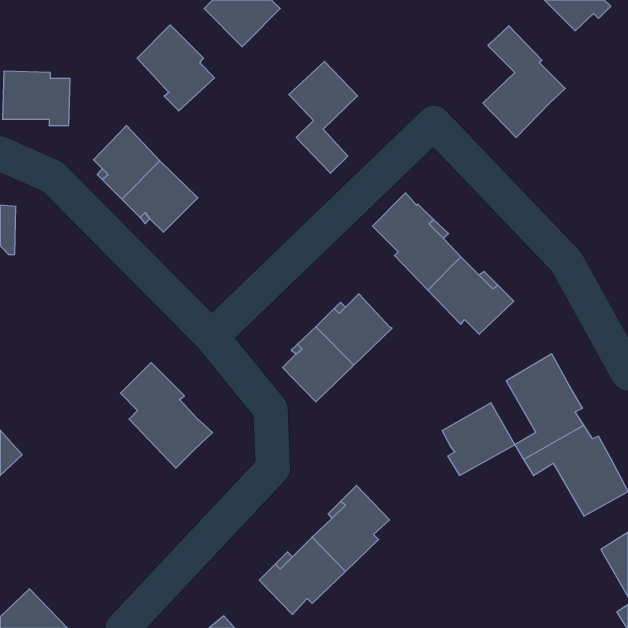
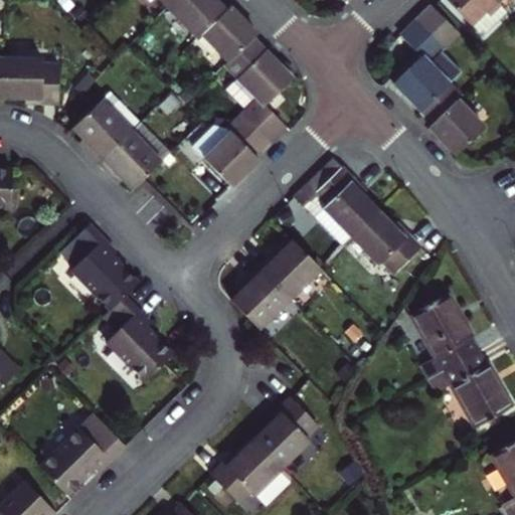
building: none -> [416,7,459,49]
building: [137,25,214,111] -> [202,7,266,77]
building: none -> [422,84,485,156]
building: none -> [203,113,271,187]
building: none -> [64,225,139,311]
building: [442,403,515,475] -> none
building: none -> [39,421,125,495]

